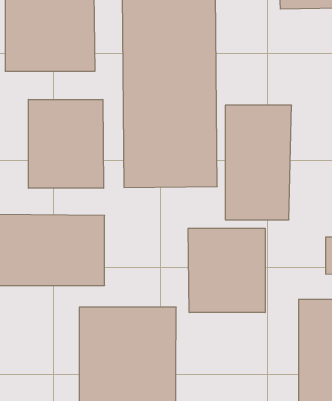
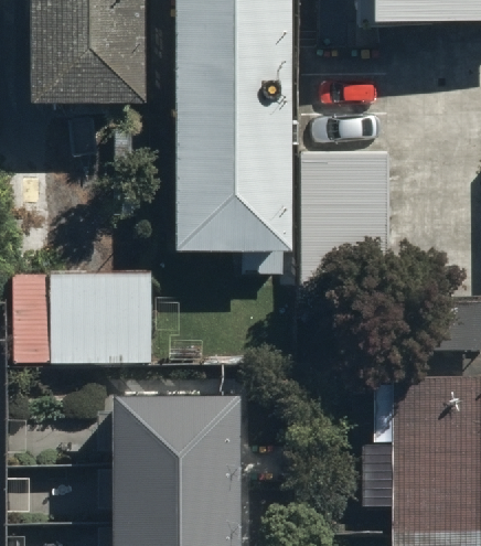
building: [28,99,104,188] -> none
building: [188,228,265,313] -> none

